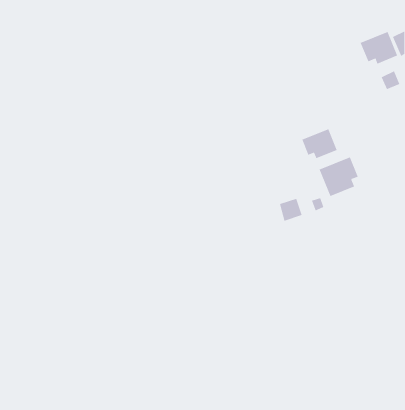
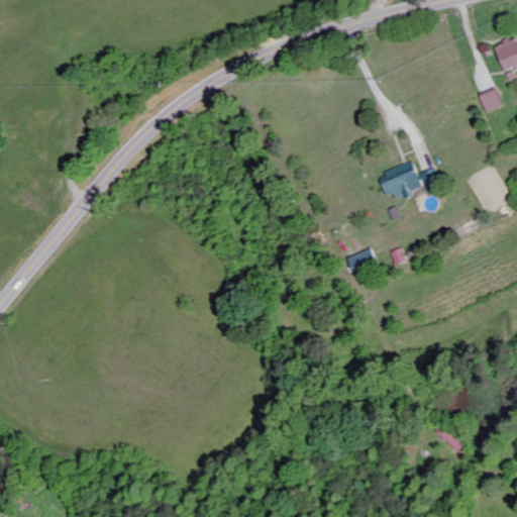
building: [360,31,398,64] -> none
building: [319,157,359,197] -> none

